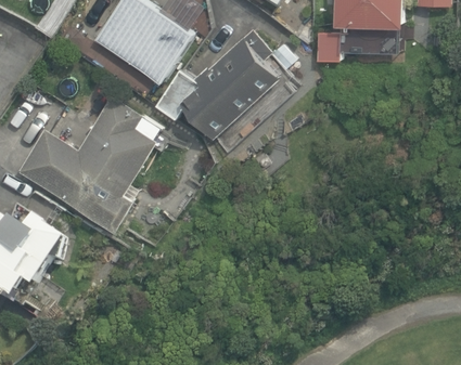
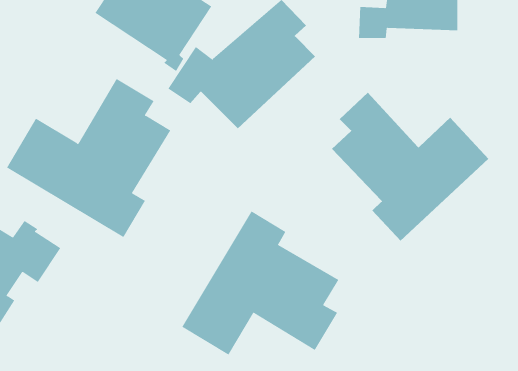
building: none -> [331,92,489,242]
building: none -> [182,210,339,356]

